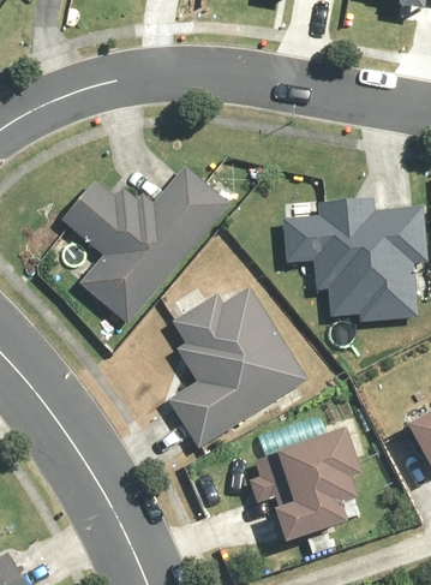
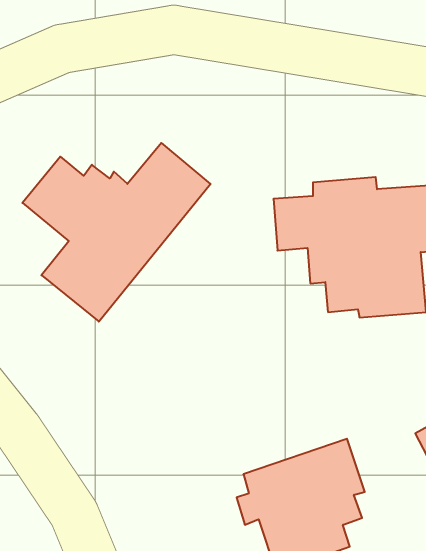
building: [169,285,307,446] -> none

